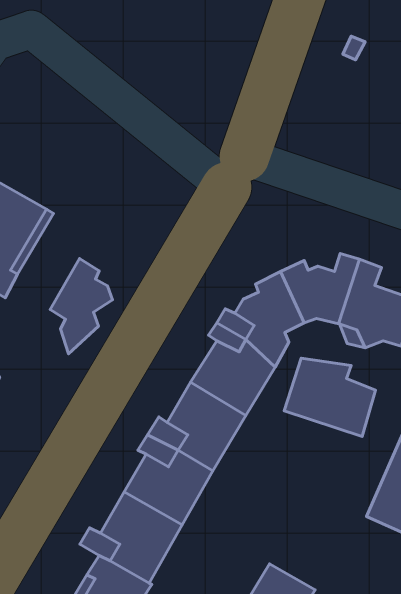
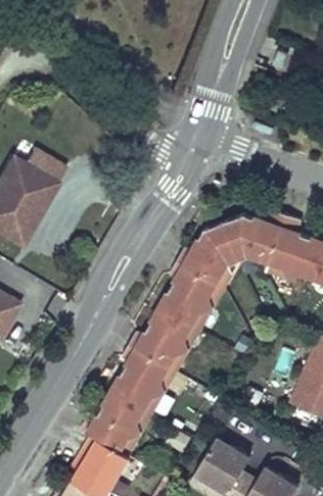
building: [50,258,113,354] -> none
building: [284,358,376,436] -> none

